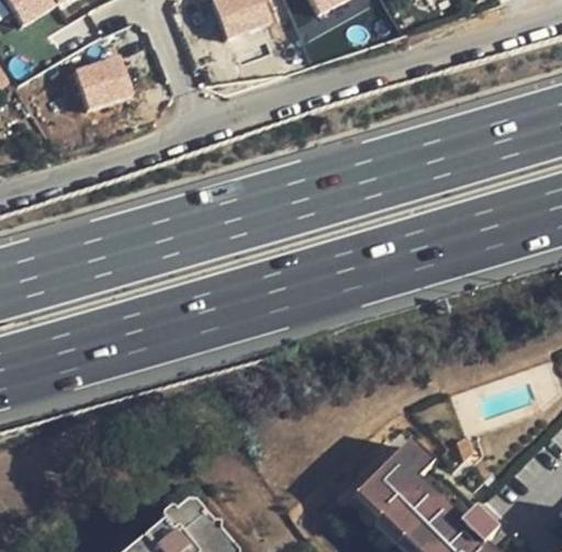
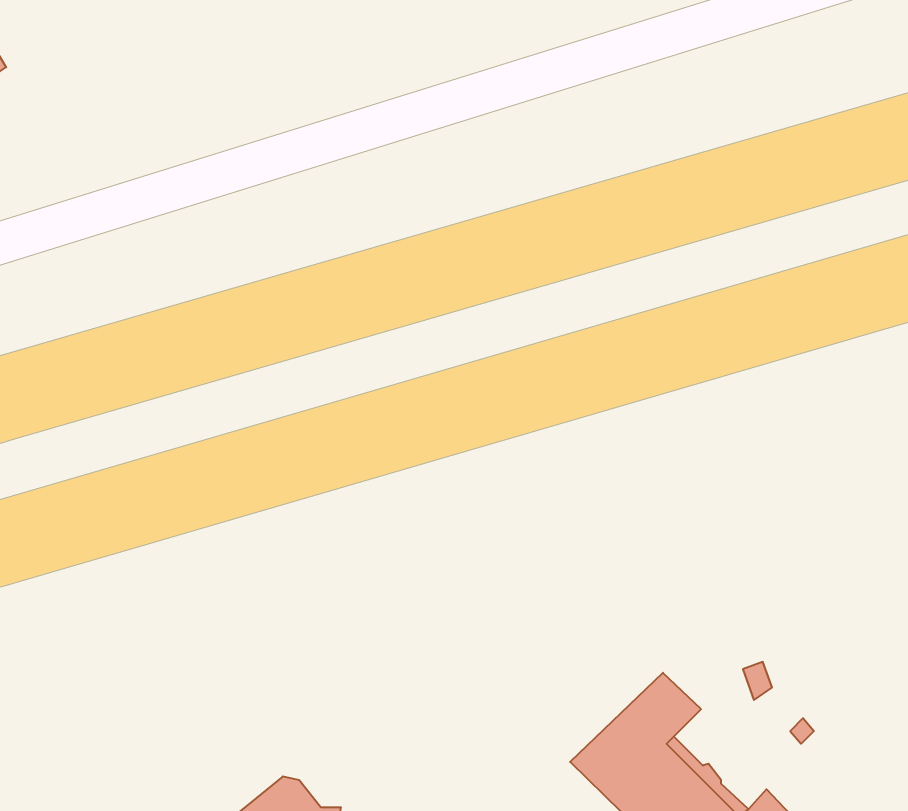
building: [78,55,136,110] -> none

